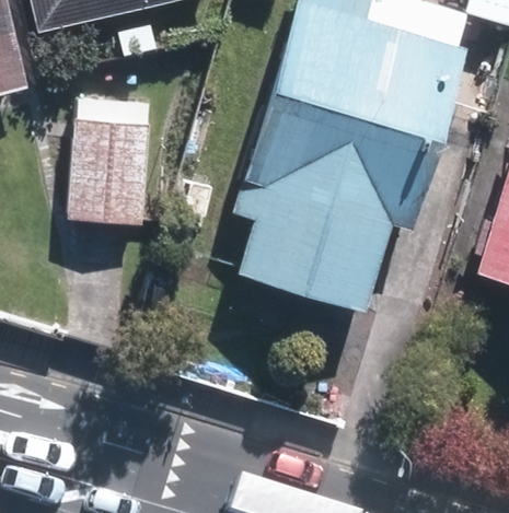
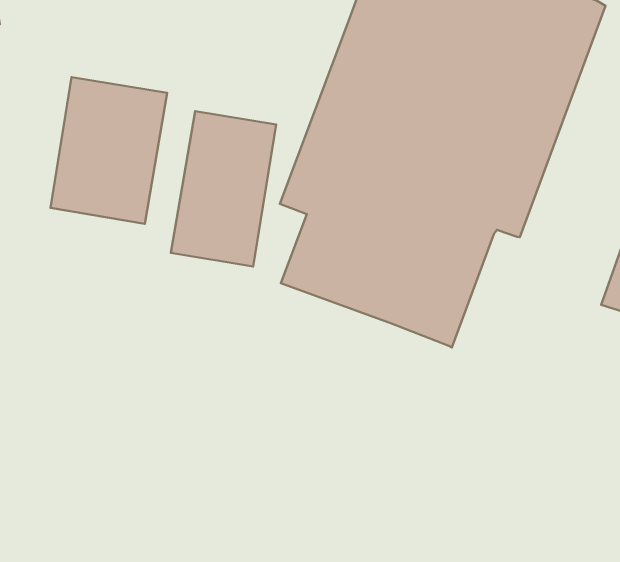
building: none -> [171,111,276,267]

